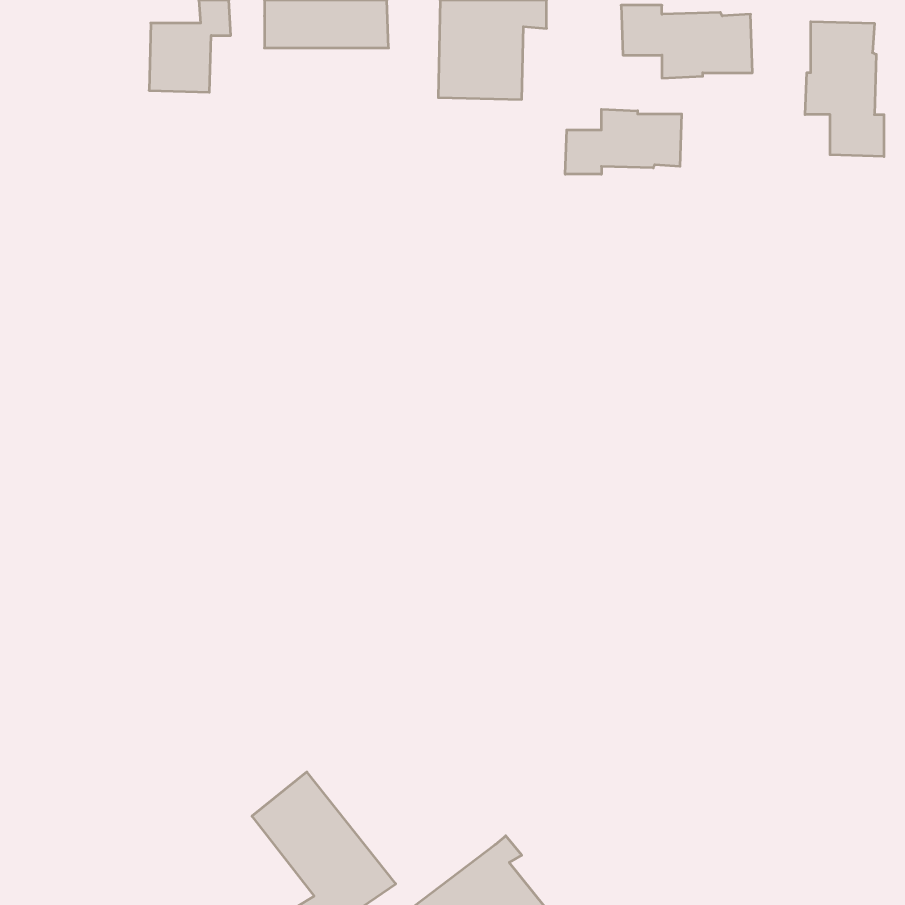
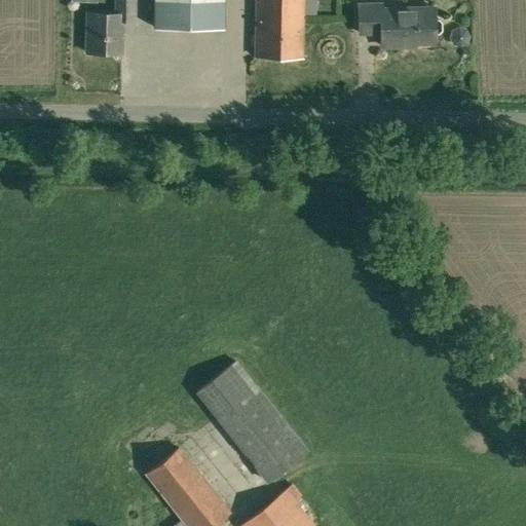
building: [805,22,884,157] -> none
building: [565,109,682,174] -> none
building: none -> [196,361,308,483]

